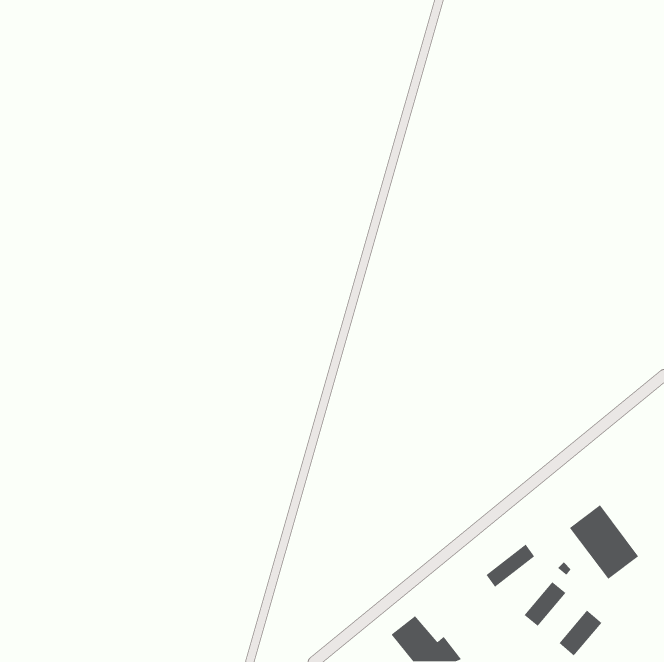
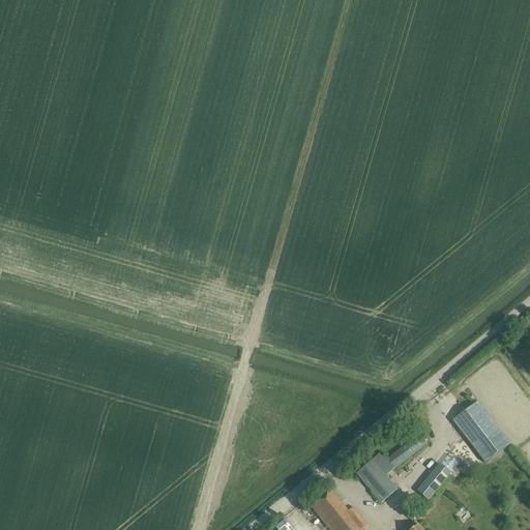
building: none -> [355,458,396,501]
building: [558,609,602,657] -> none

